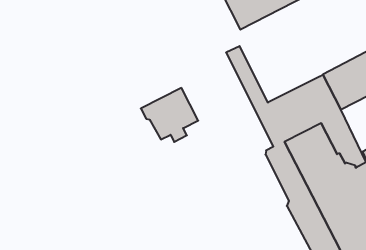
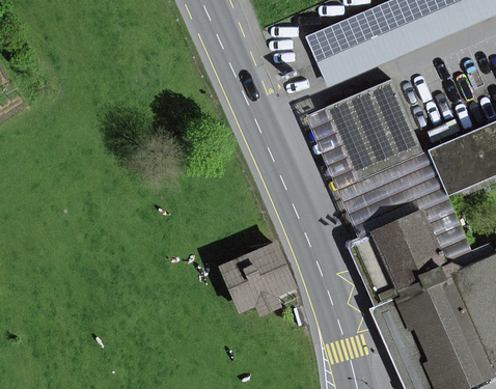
building: none -> [325,79,423,182]
building: [141,88,198,142] -> [222,245,294,312]

